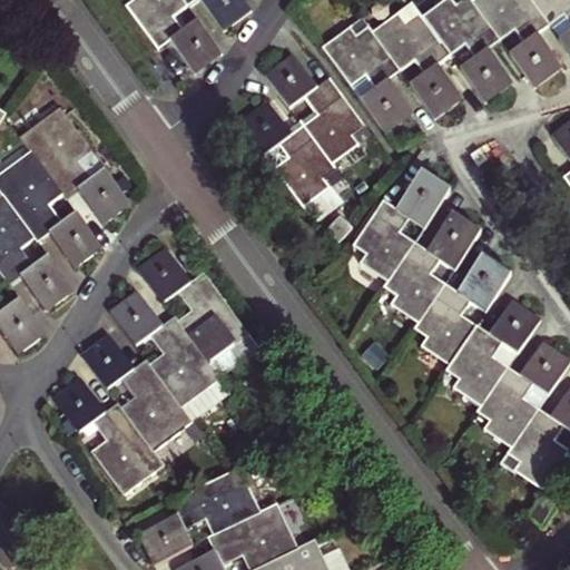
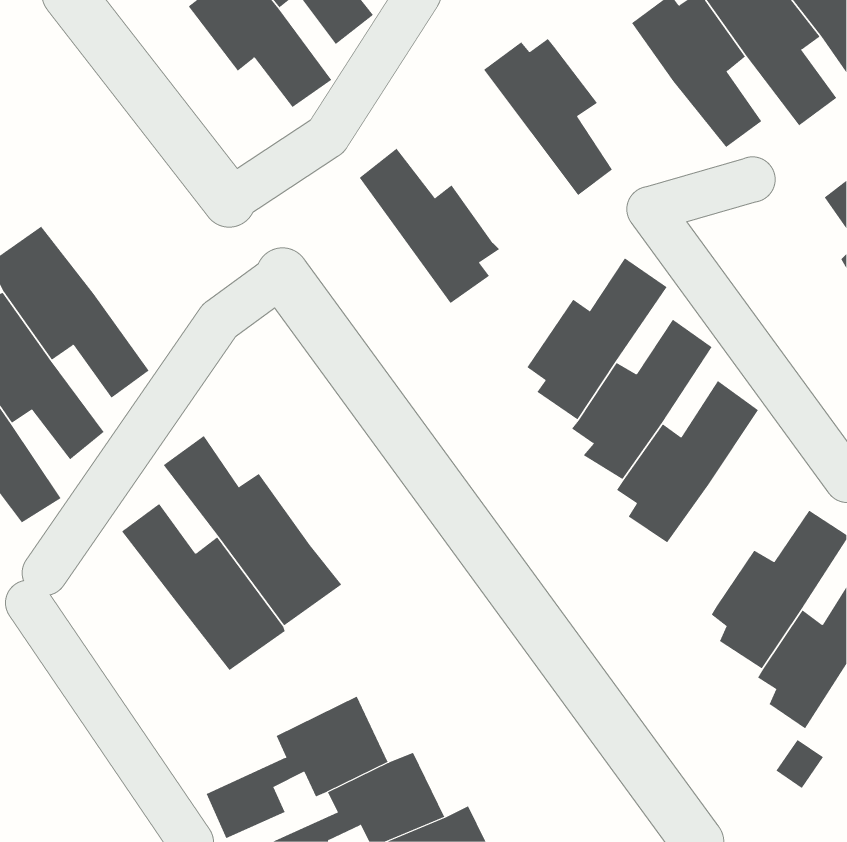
building: [372,10,461,116] -> none
building: [266,53,364,163] -> none
building: [18,109,127,222] -> none
building: [138,250,245,365] -> none
building: [444,301,539,406] -> none
building: [53,381,164,493] -> none

